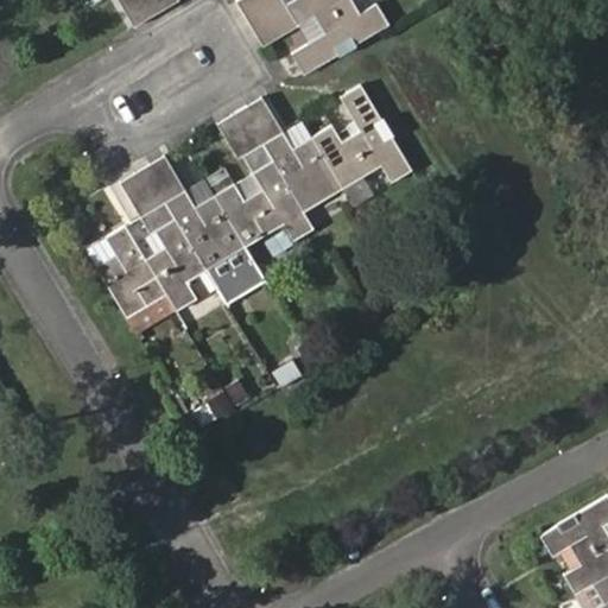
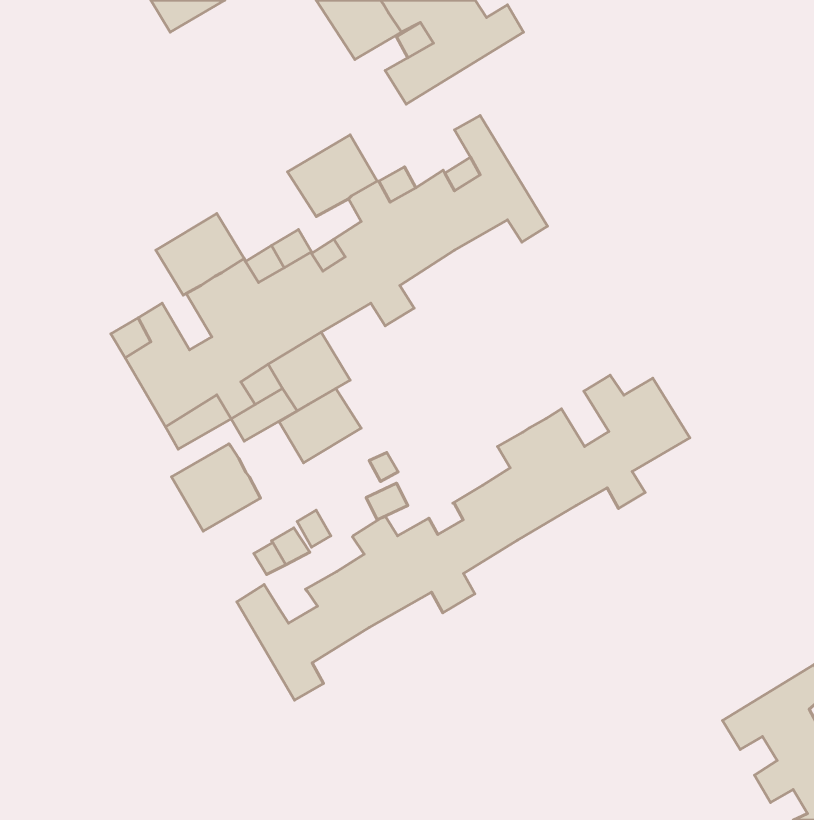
building: none -> [237,375,690,700]
building: none -> [279,388,361,463]
building: none -> [172,444,261,531]

